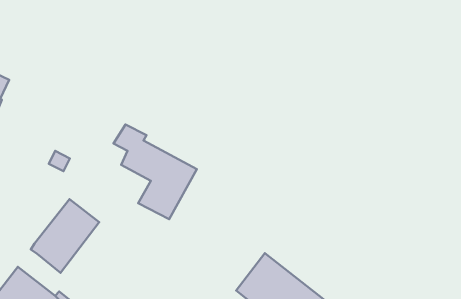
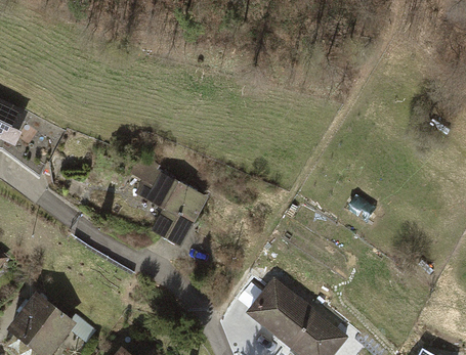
building: [31,199,99,273] -> none

